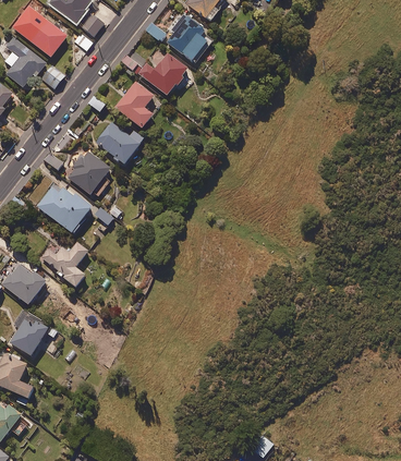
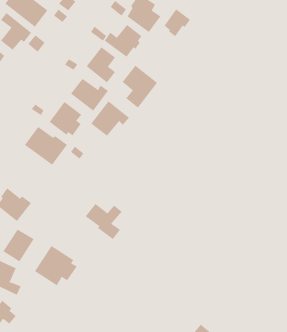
building: none -> [164,9,191,37]
building: none -> [122,65,158,109]
building: none -> [91,100,130,136]
building: [39,240,87,287] -> [85,203,122,240]
building: none -> [34,245,78,286]

